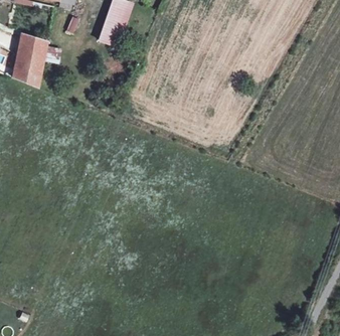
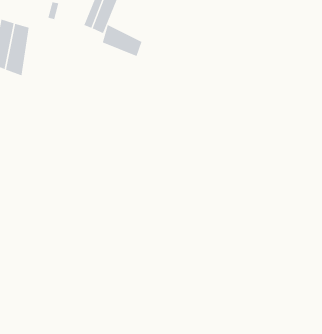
building: none -> [102,24,142,57]

